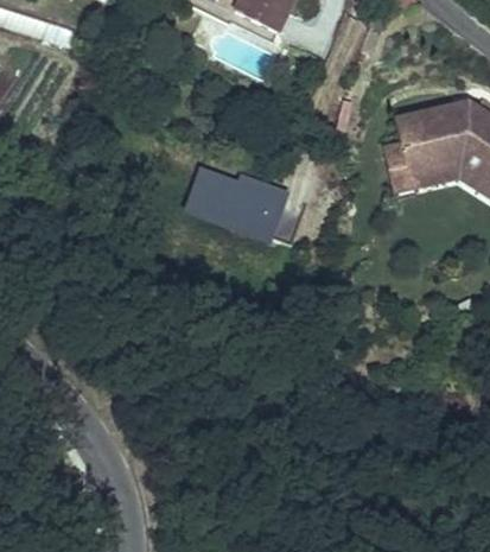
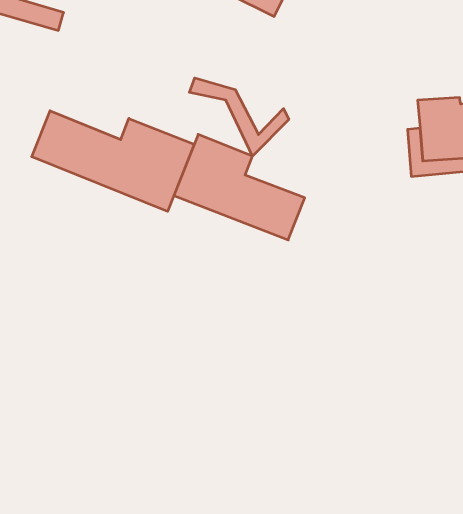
building: none -> [189,78,289,156]
building: none -> [32,111,194,211]

